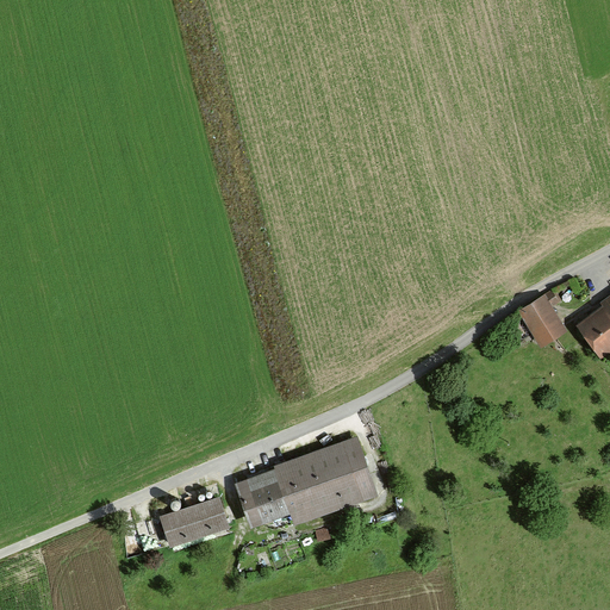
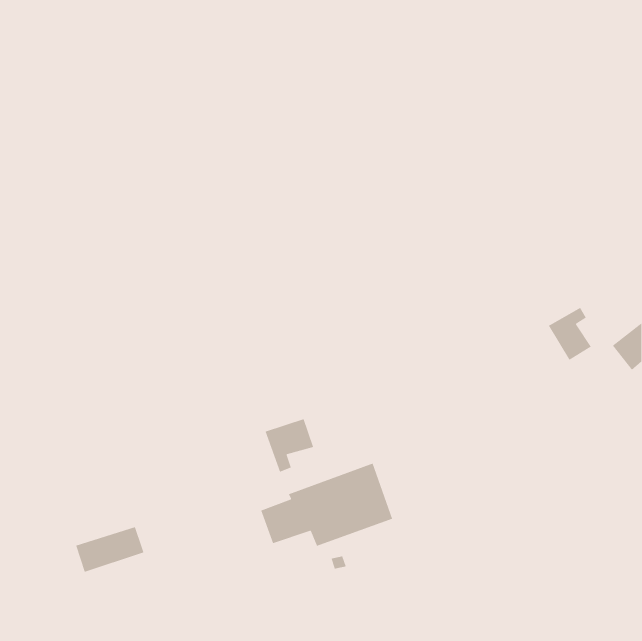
building: none -> [264,418,314,473]
building: [160,500,225,544] -> [75,526,144,573]

